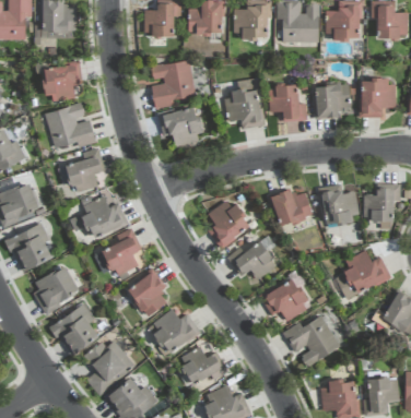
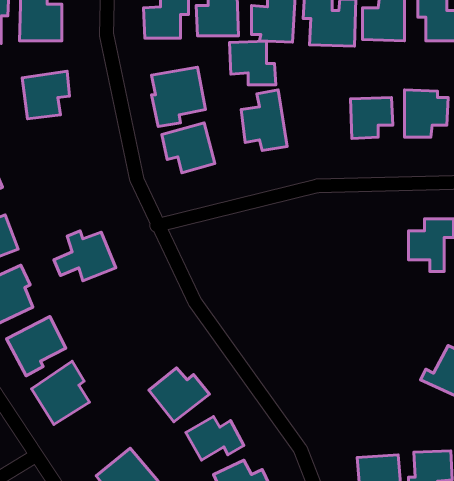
building: [269,85,307,121] -> [230,41,276,85]
building: [45,104,96,150] -> none
building: [58,150,103,193] -> none
building: [319,184,360,226] -> none
building: [269,188,314,228] -> none
building: [209,199,253,248] -> none
building: [102,229,141,277] -> none
building: [228,241,279,279] -> none
building: [336,251,391,299] -> none
building: [127,272,167,318] -> none
building: [261,278,310,321] -> none
building: [283,314,342,367] -> none
building: [86,342,136,395] -> none

